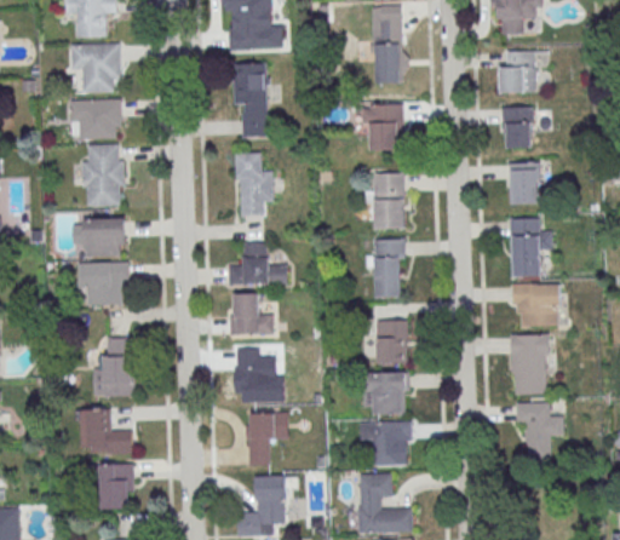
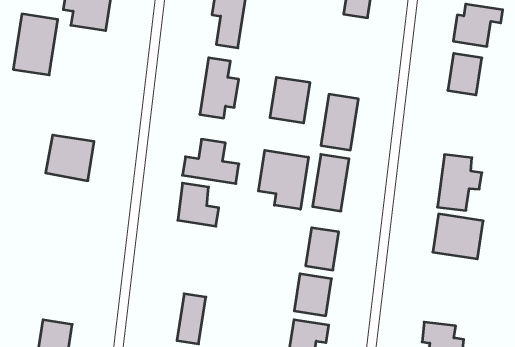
building: [366,104,403,149] -> [270,77,310,123]
building: [82,145,122,207] -> [13,14,58,75]
building: [509,162,539,203] -> none
building: [84,219,124,257] -> none
building: none -> [258,150,308,209]
building: [510,333,549,395] -> none
building: [93,339,133,397] -> none
building: [236,349,283,403] -> none
building: [81,410,131,454] -> none

